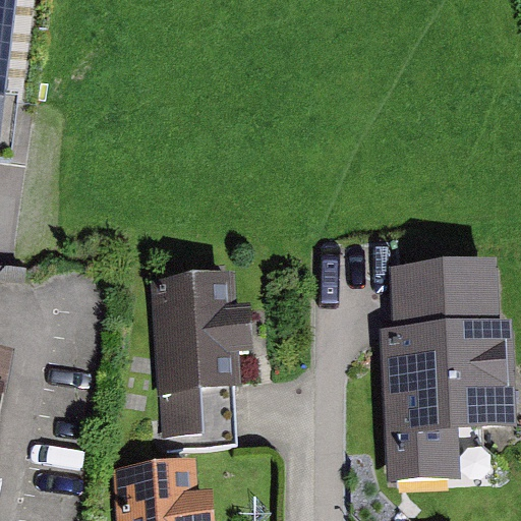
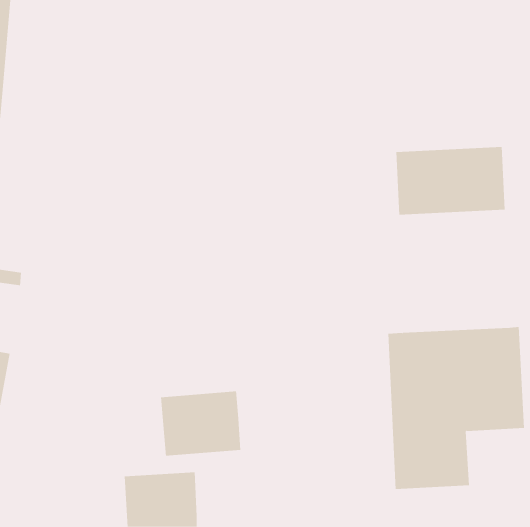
building: [391,258,499,326] -> [395,147,506,215]
building: [149,273,252,389] -> none

